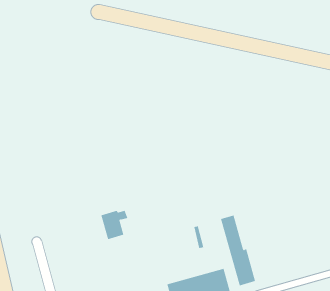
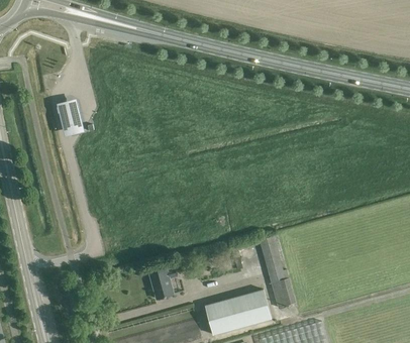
building: none -> [55,96,83,133]
building: [100,210,128,240] -> [148,268,177,299]

